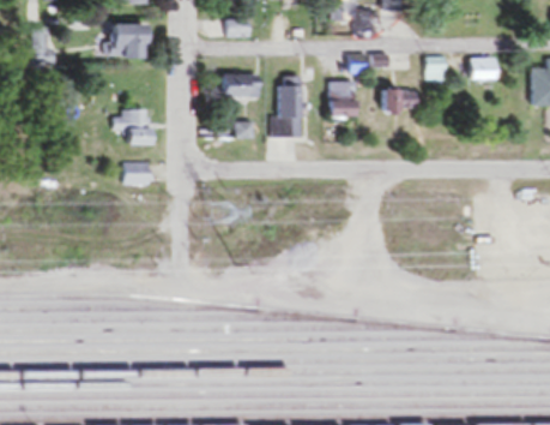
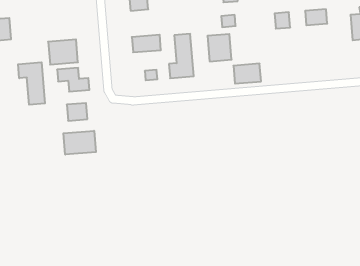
building: [110,25,150,58] -> [48,39,78,65]
building: [382,89,419,114] -> [233,64,261,84]
building: none -> [18,62,45,105]
building: none -> [63,131,96,155]

